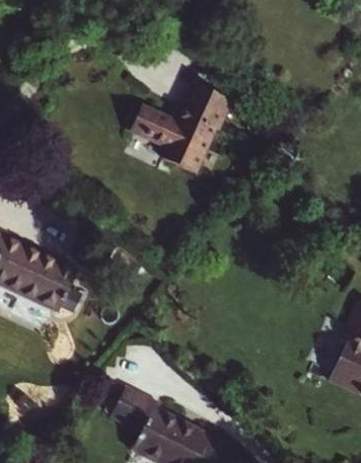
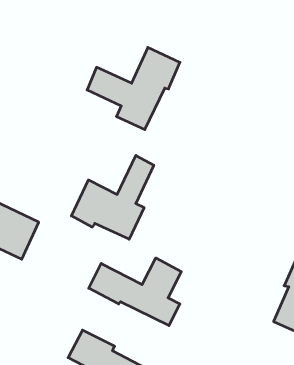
building: none -> [71,155,154,239]
building: none -> [89,258,181,326]

